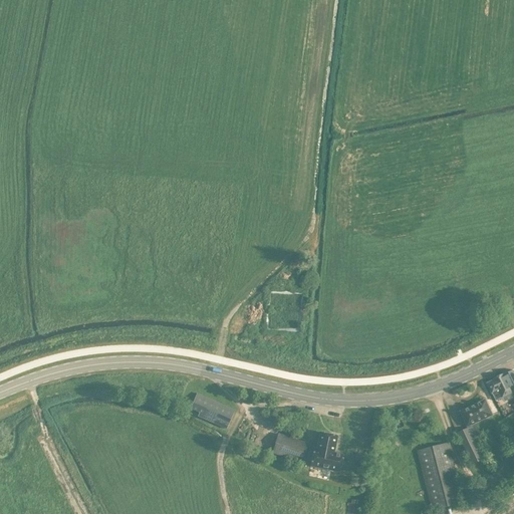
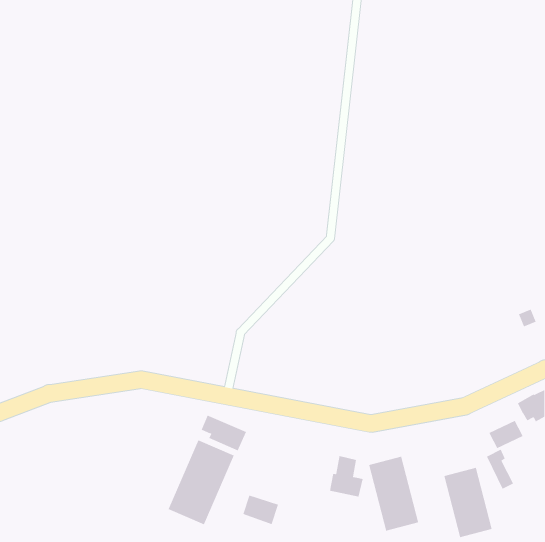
building: none -> [168,440,234,525]
building: none -> [368,456,419,531]
building: [271,434,305,462] -> [242,495,279,525]

